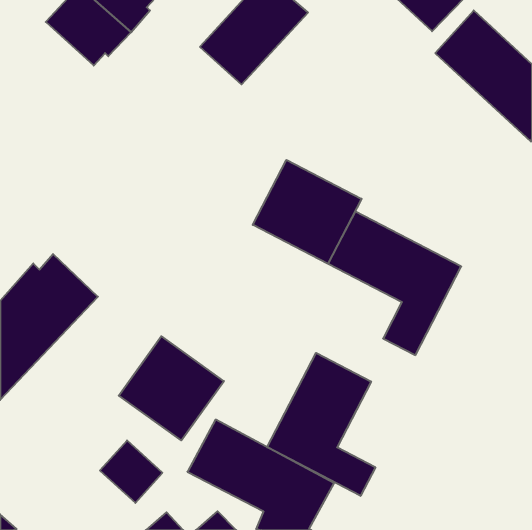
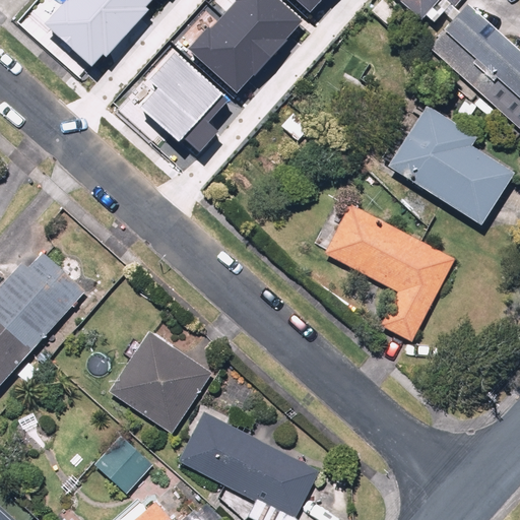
building: none -> [145,51,229,150]
building: none -> [376,109,505,233]
building: [253,160,362,264] -> none
building: [267,353,375,496] -> none

